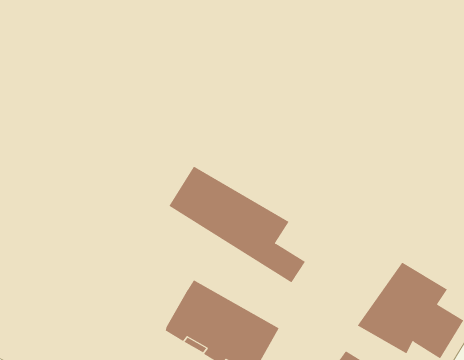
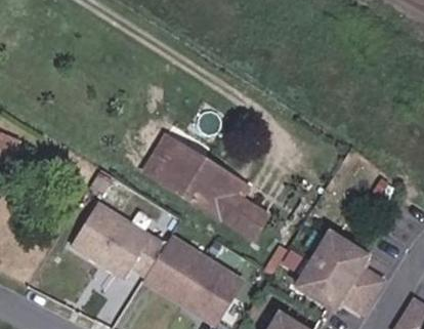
building: none -> [67,207,160,281]

